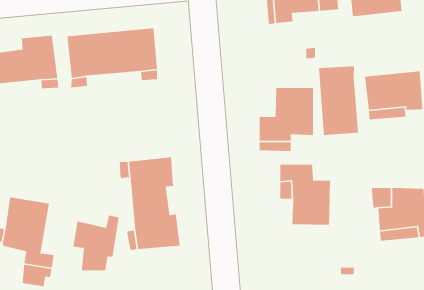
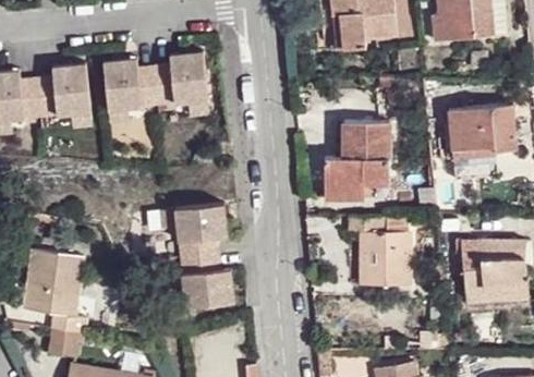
building: [318,65,359,136] -> none
building: [73,214,120,271] -> none

